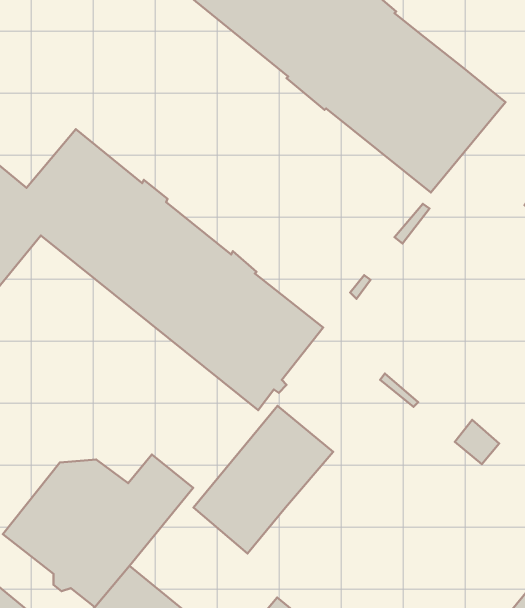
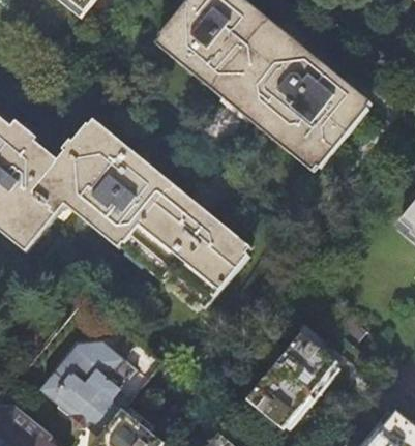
building: [194,406,333,554] -> [246,332,337,428]

